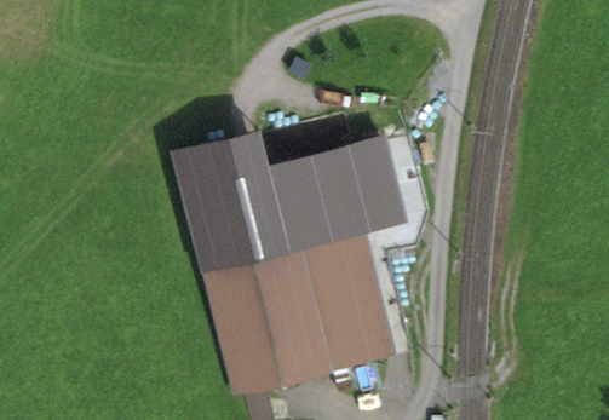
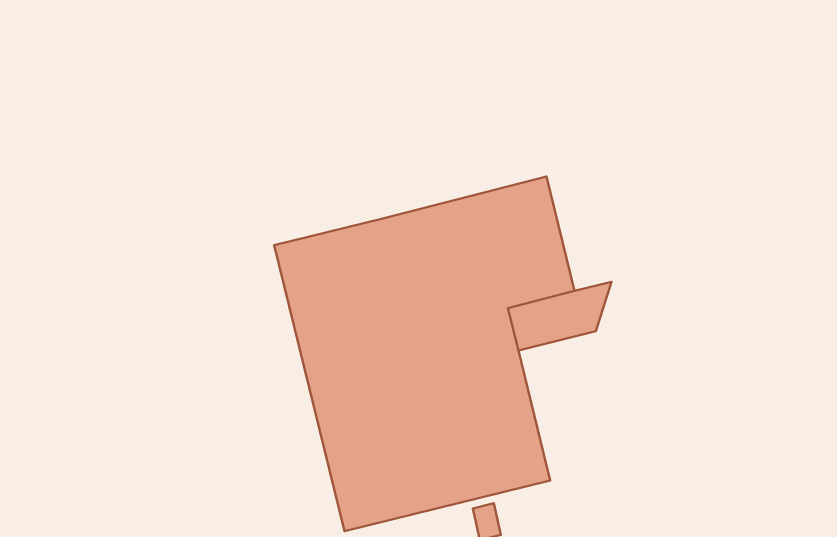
building: [182,132,265,185] -> none

